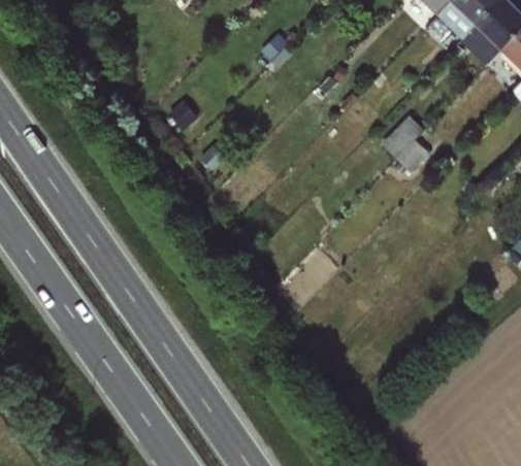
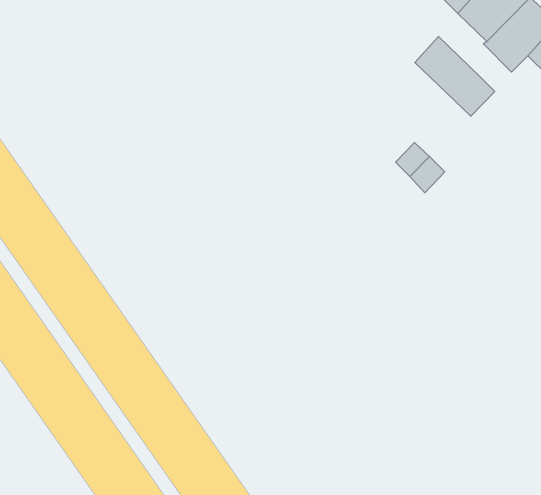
building: none -> [415,36,495,116]

